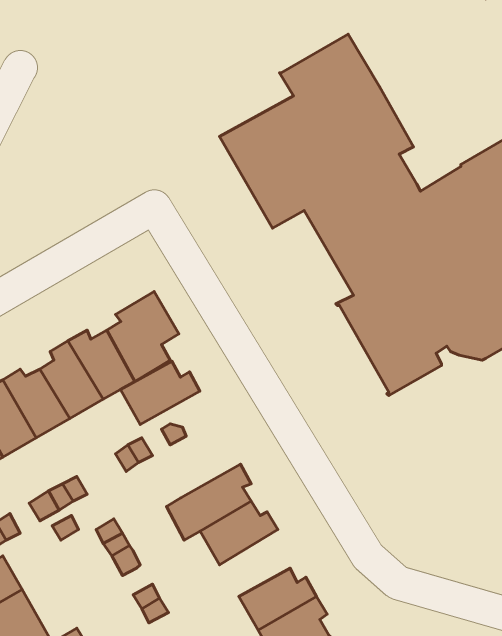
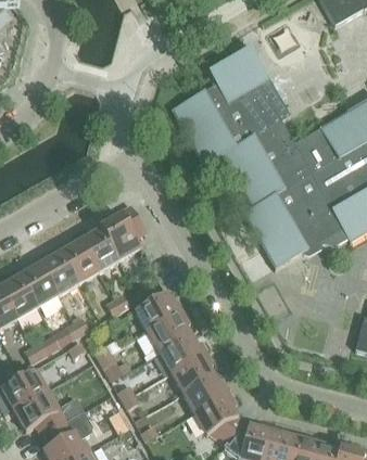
building: [121,361,200,425] -> [135,293,184,332]
building: none -> [170,352,214,393]

